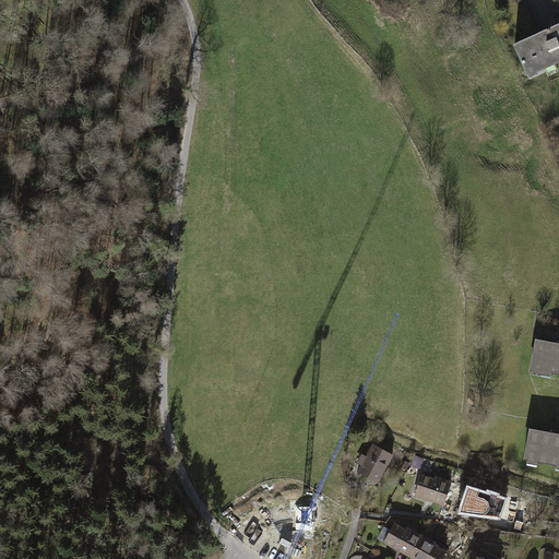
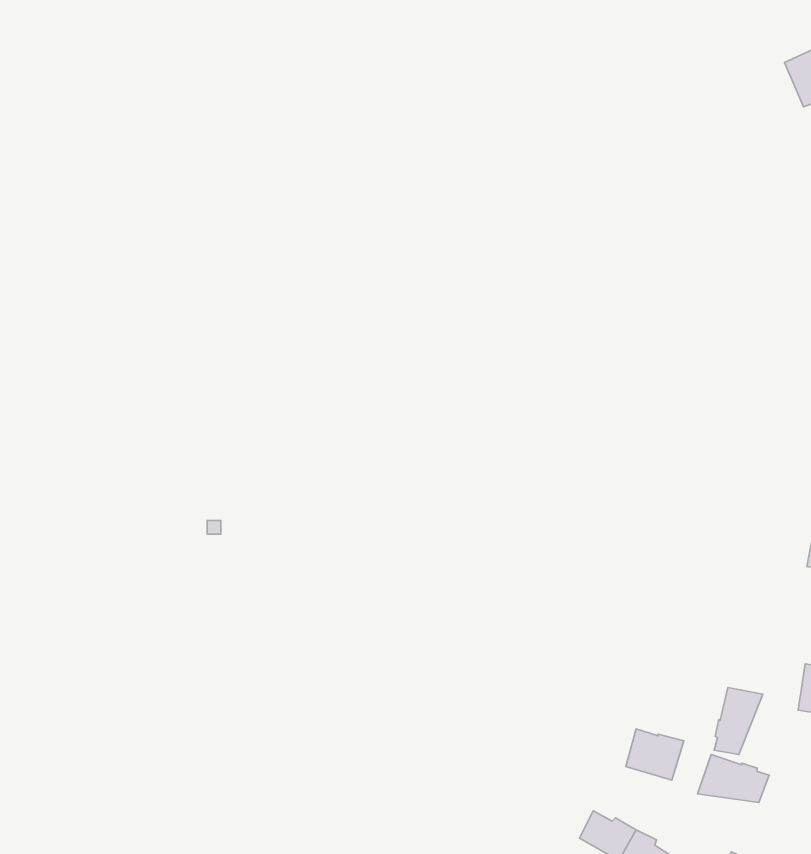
building: [357,443,395,485] -> none
building: none -> [714,687,763,754]

